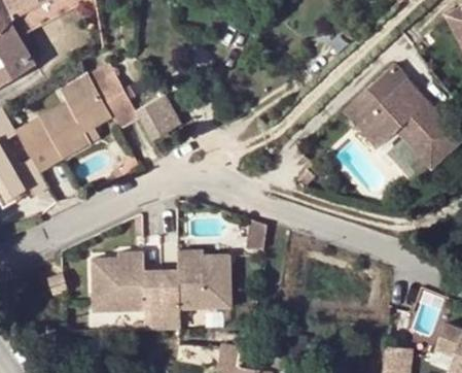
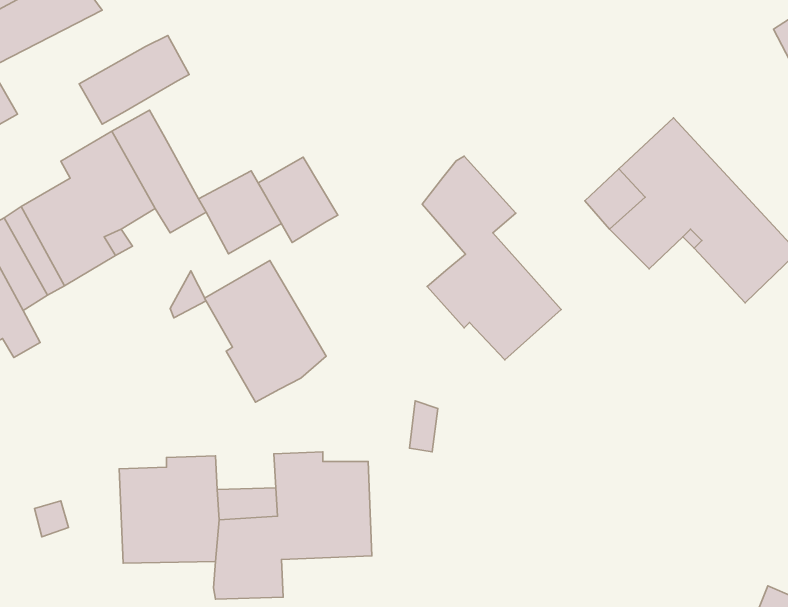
building: none -> [79,36,189,124]
building: none -> [422,156,561,360]
building: none -> [258,157,338,242]
building: none -> [205,261,326,402]

